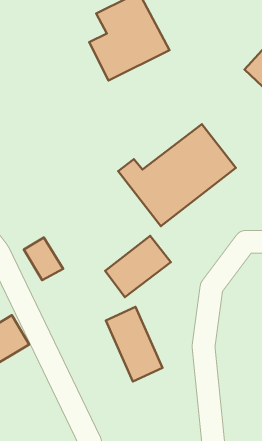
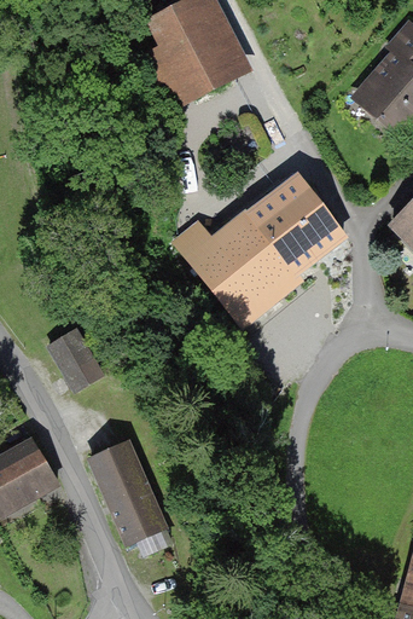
building: [105,236,171,297] -> none
building: [106,307,163,382] -> [88,441,167,545]

